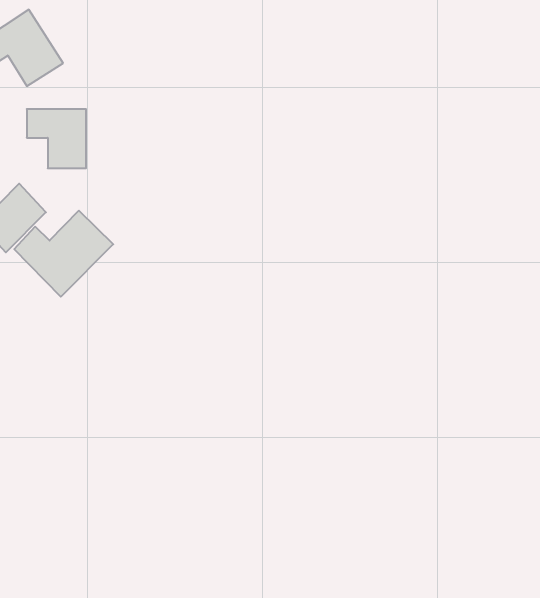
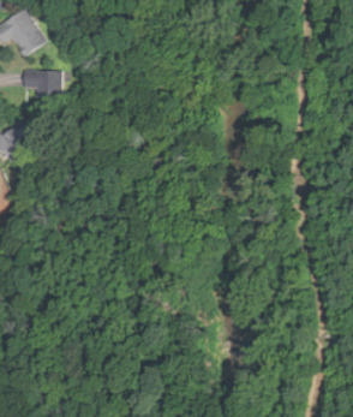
building: [14,211,113,297] -> none

